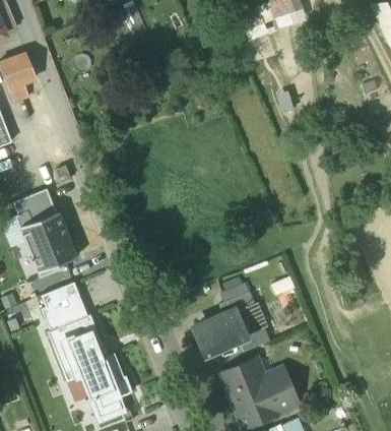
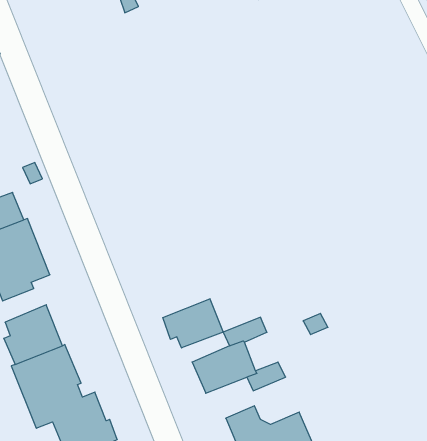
building: none -> [163,299,223,348]

